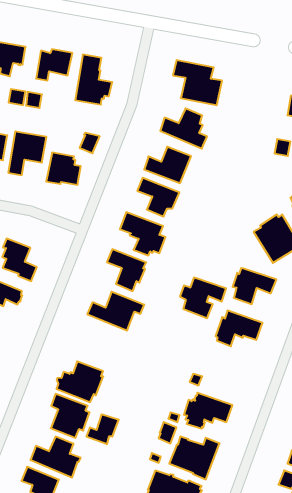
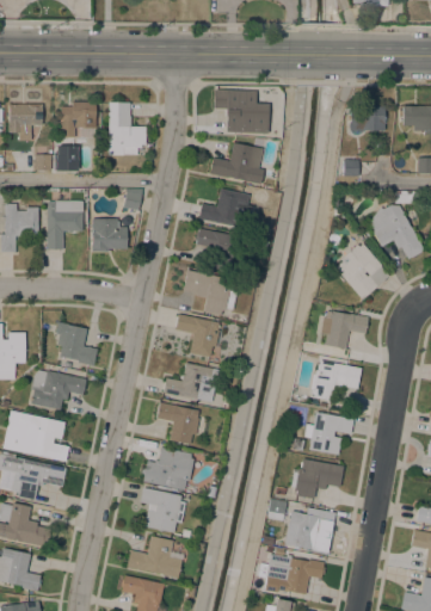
building: [180,278,226,318] -> [303,413,353,456]
building: none -> [158,402,201,445]
building: [87,414,119,444] -> none

